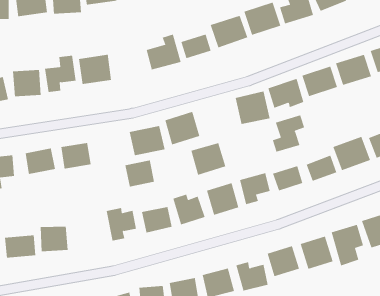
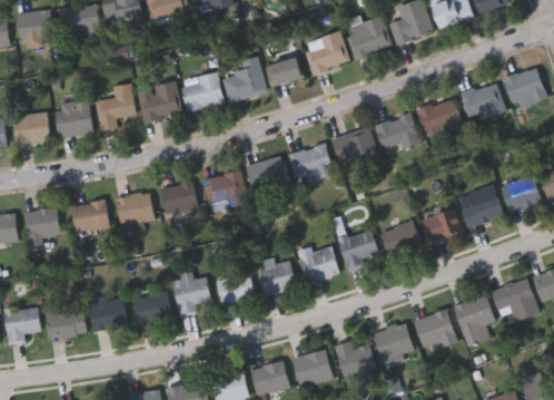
building: none -> [181,76,222,110]
building: [272,114,305,153] -> none
building: [190,142,226,175] -> [289,144,334,185]
building: [125,160,155,187] -> [160,182,198,216]
building: none -> [132,292,171,325]

